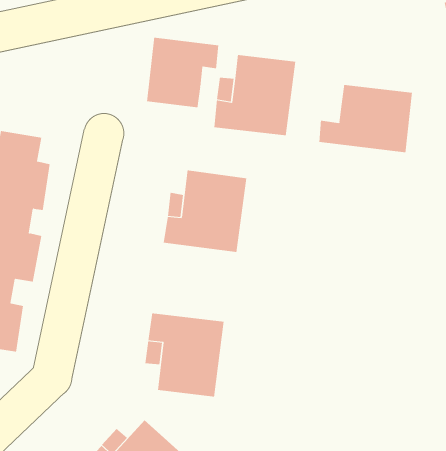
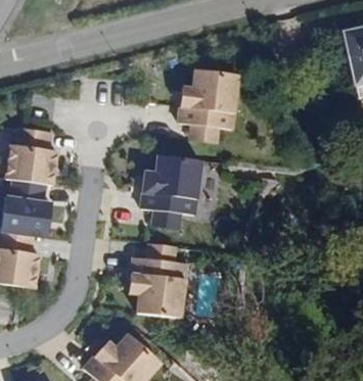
building: [147,37,219,108] -> none
building: [319,84,412,153] -> none

